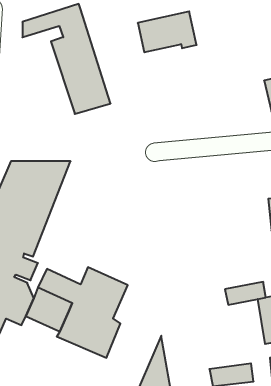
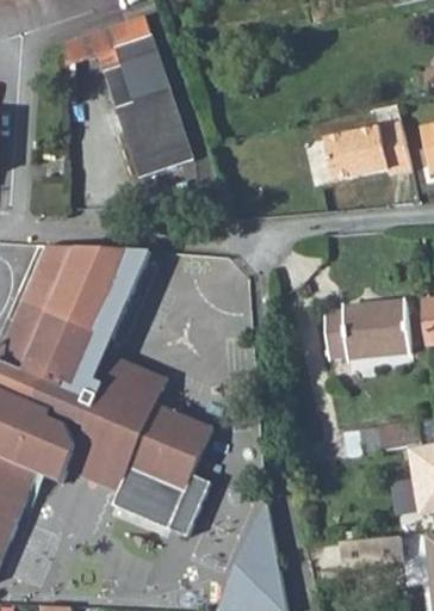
building: [138,11,197,52] -> [322,121,408,180]
building: none -> [324,301,409,356]
building: none -> [99,354,169,425]

